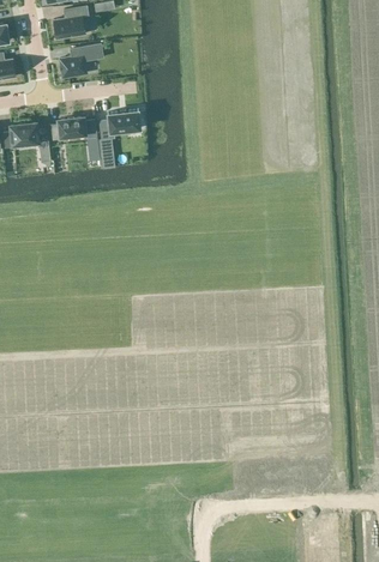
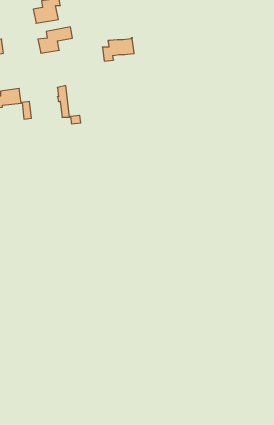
building: [100,109,140,139] -> [102,38,134,61]
building: [50,117,85,139] -> none

